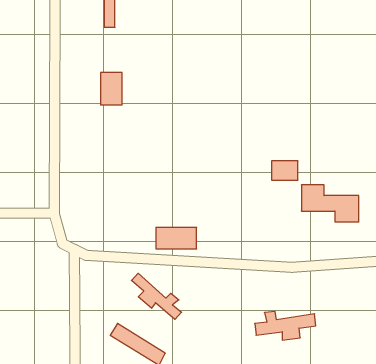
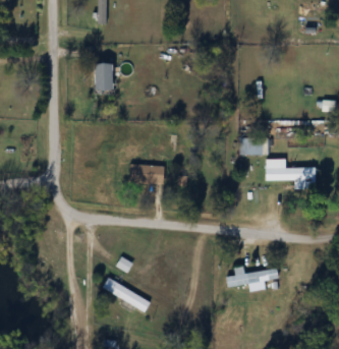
building: [156,227,197,249] -> [129,166,164,184]
building: [131,273,182,319] -> none

